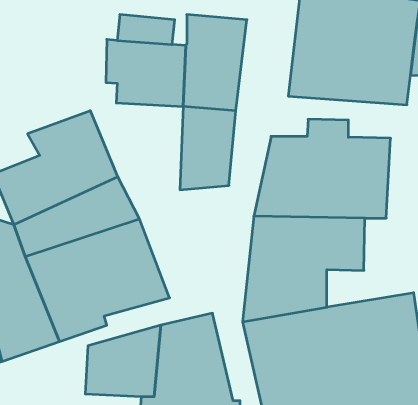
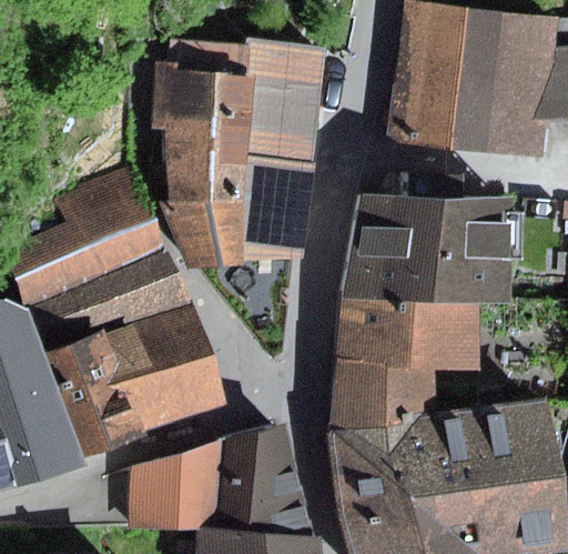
building: none -> [160,154,250,270]

